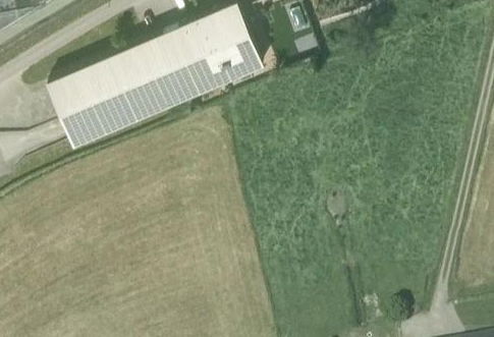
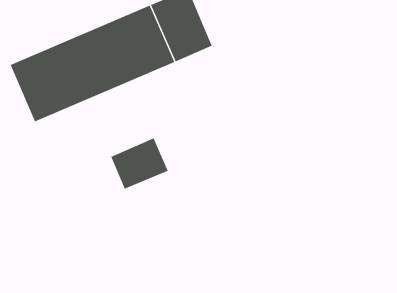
building: none -> [111,137,168,189]

